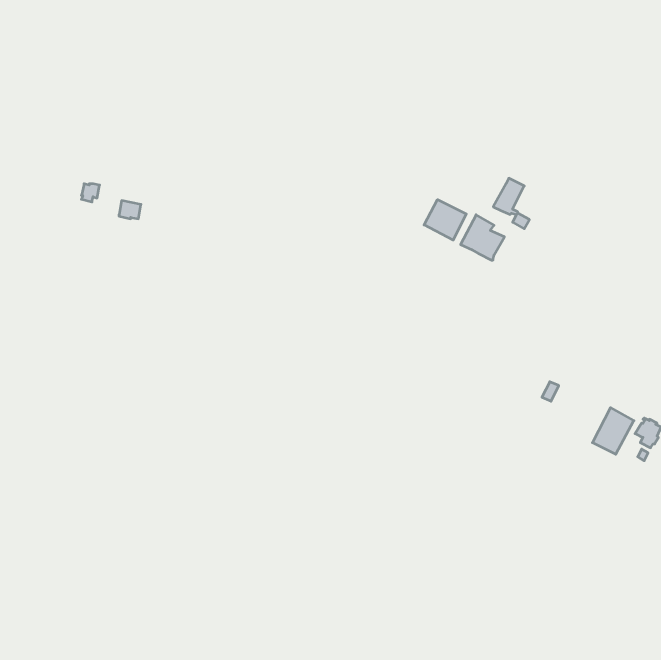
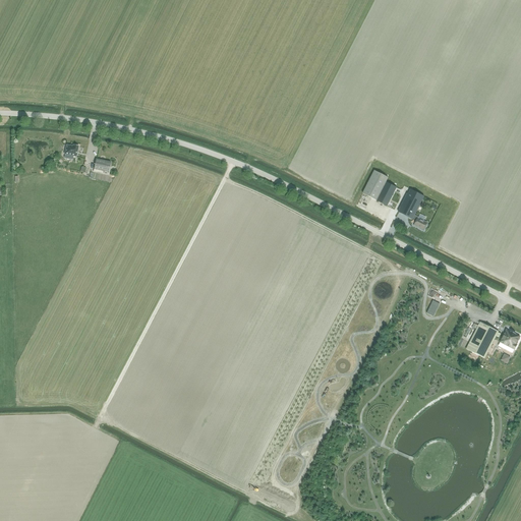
building: [493,178,529,229] -> [399,189,427,229]
building: [424,200,466,240] -> none

